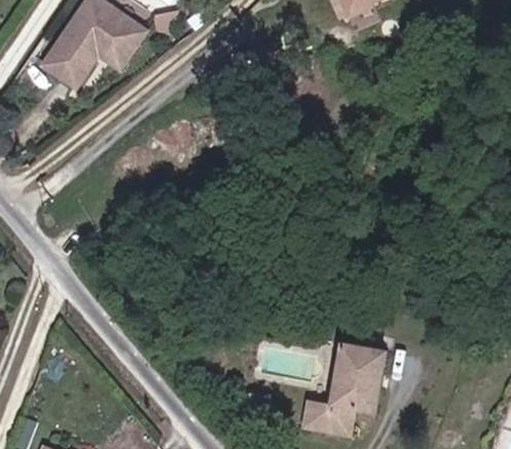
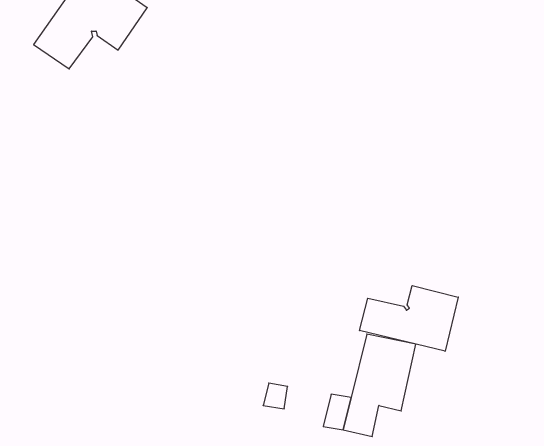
building: none -> [360,286,458,351]

